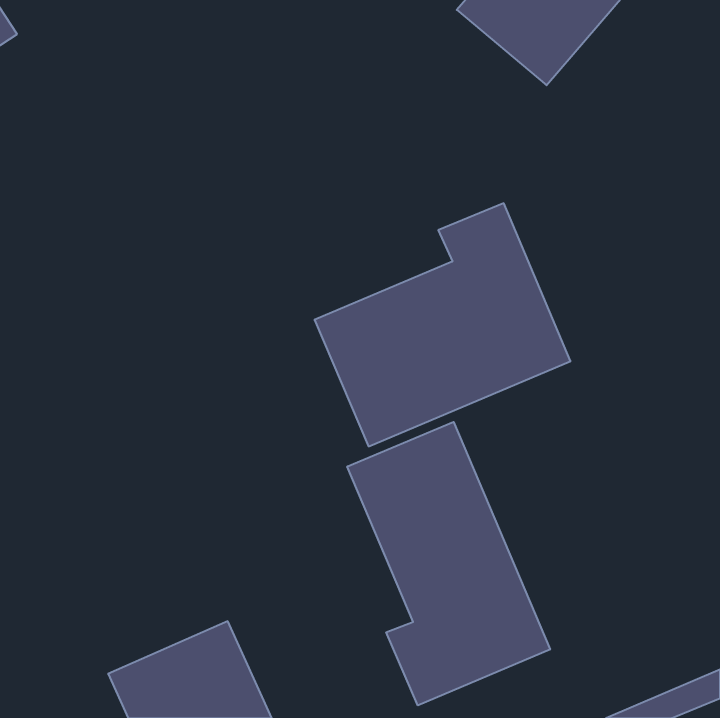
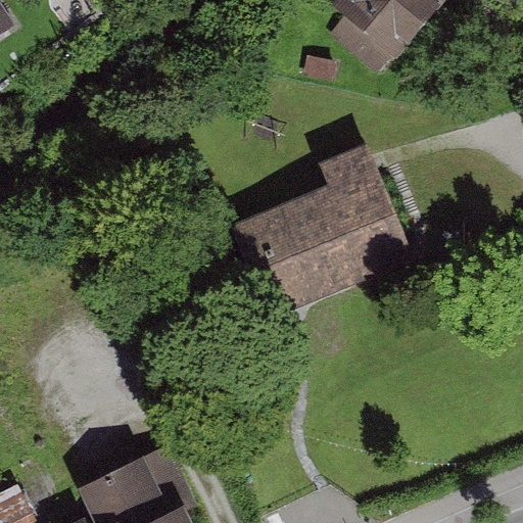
building: [347,422,550,705] -> none

